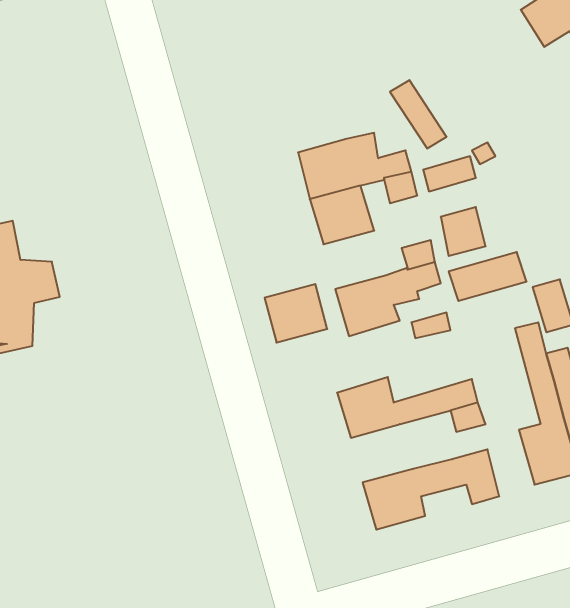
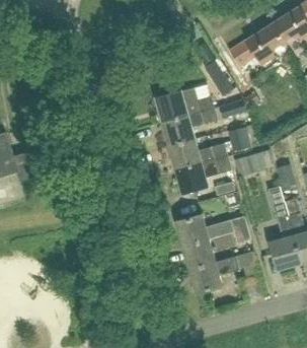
building: none -> [229,23,284,65]
building: [265,284,327,343] -> [169,138,202,168]
building: none -> [183,238,216,269]

